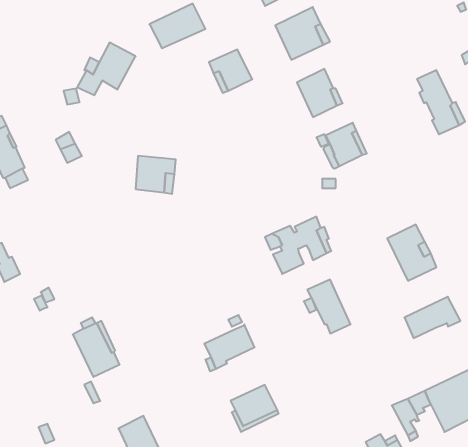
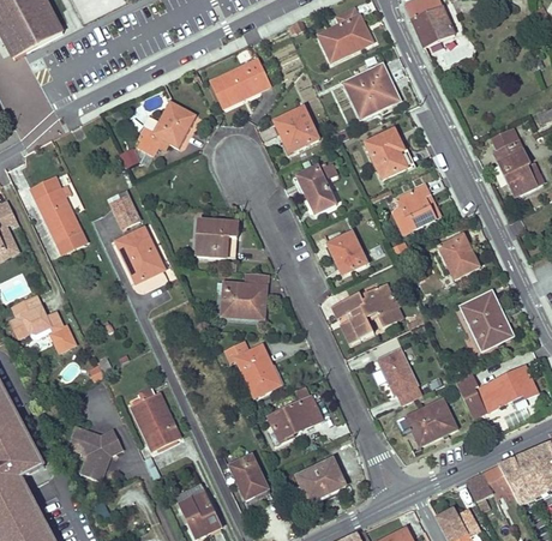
building: none -> [296,164,335,212]
building: none -> [115,227,163,282]
building: none -> [328,232,365,272]
building: none -> [437,234,479,278]
building: none -> [220,272,265,317]
building: none -> [224,342,280,396]
building: none -> [454,372,485,416]
building: none -> [396,397,456,445]
building: none -> [67,427,121,480]
building: none -> [228,453,268,499]

